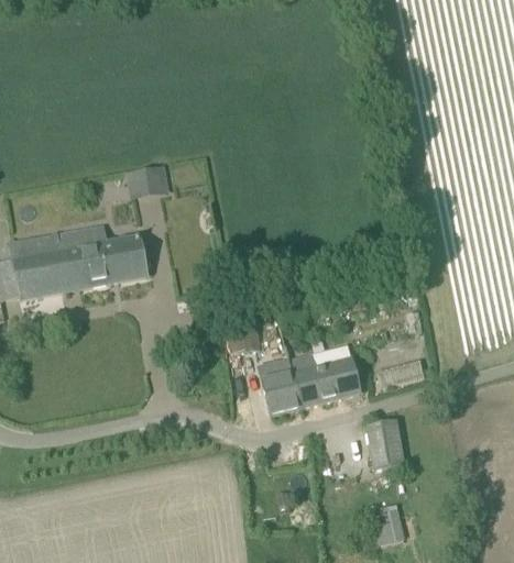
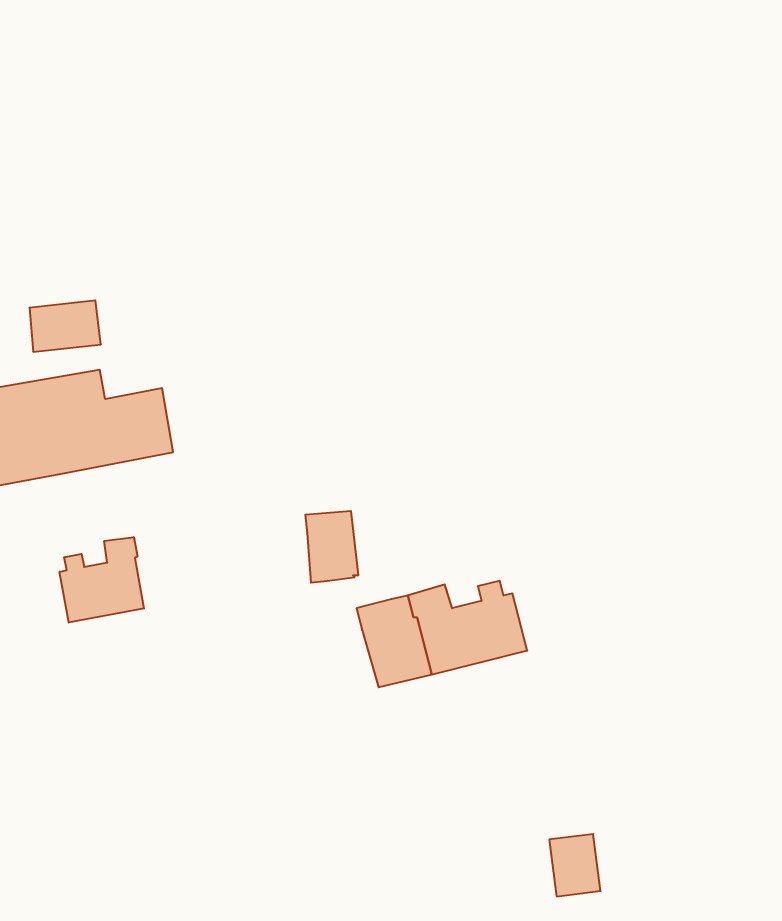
building: [127,165,169,196] -> [29,300,101,352]
building: none -> [60,537,144,623]
building: [367,420,404,470] -> none

